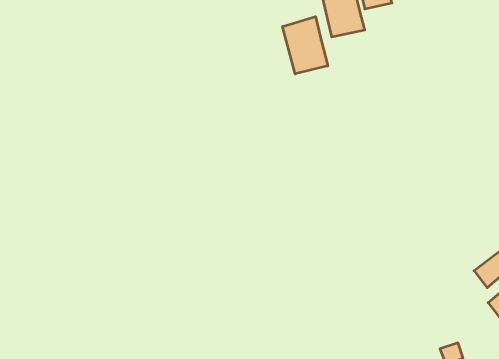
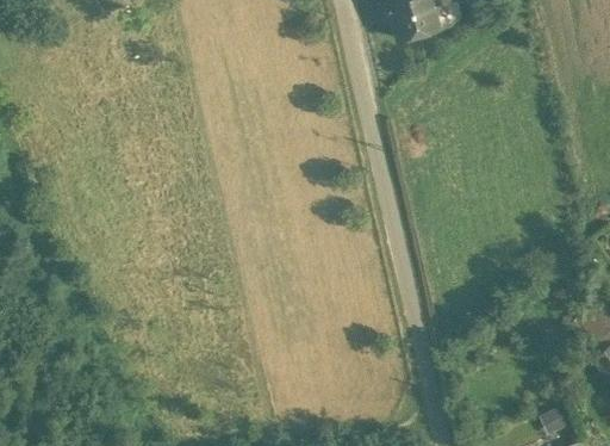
building: [283,17,328,74] -> none

